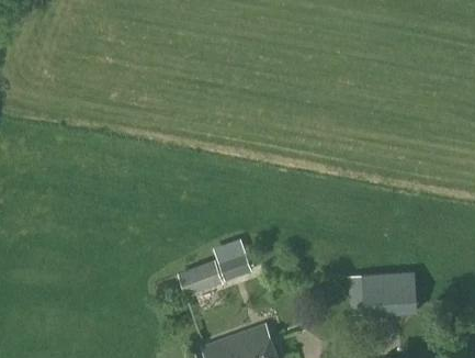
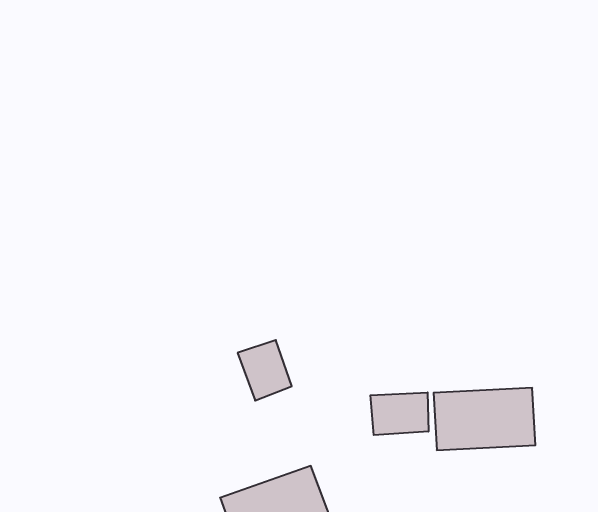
building: [176,260,222,299] -> none
building: none -> [370,392,428,435]

